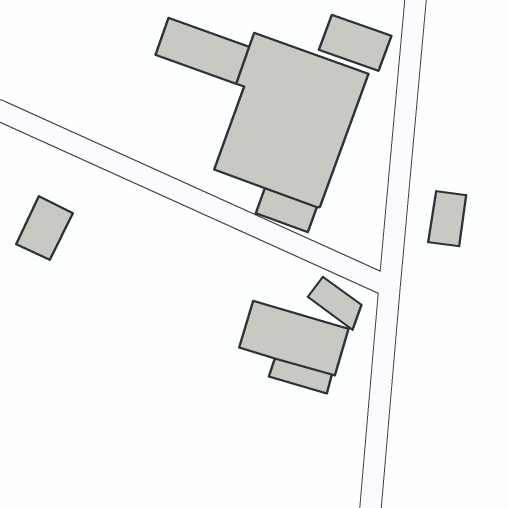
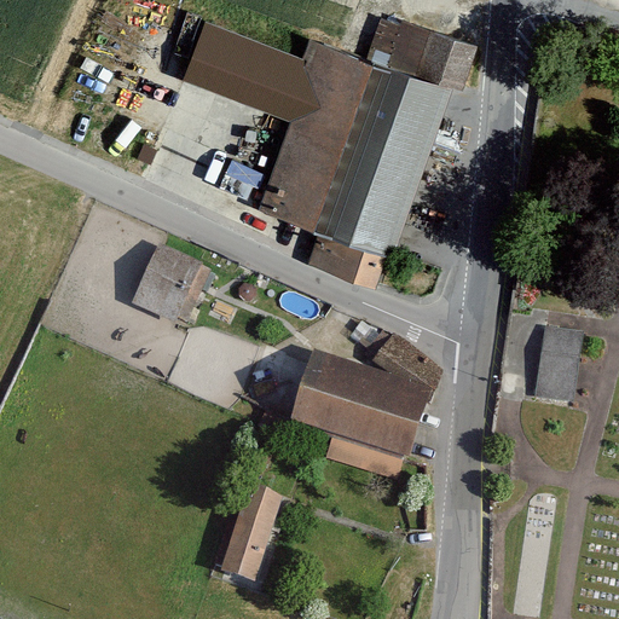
building: [428,191,466,246] -> [534,335,580,401]
building: [16,196,73,260] -> [132,245,201,323]
building: none -> [221,491,279,582]

